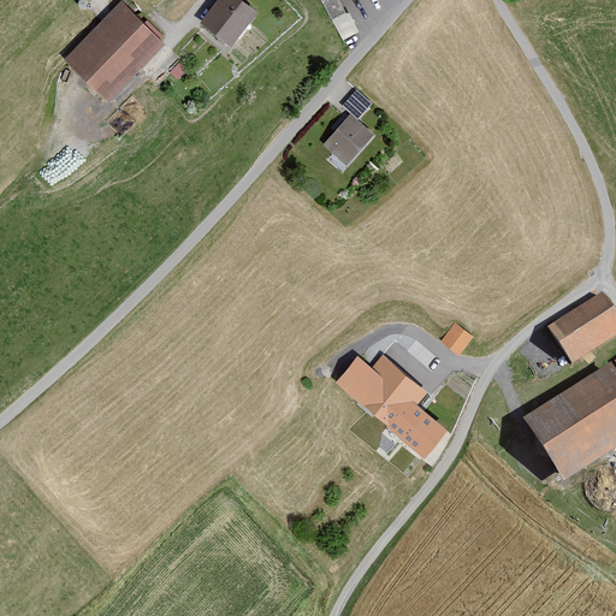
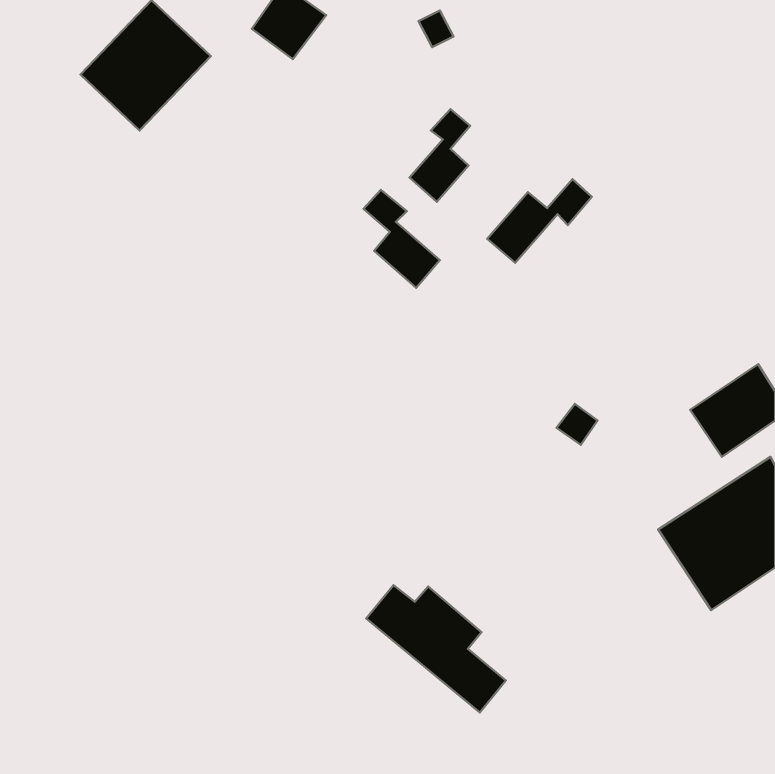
building: none -> [487,179,592,263]
building: none -> [364,190,440,288]
building: [334,354,445,455] -> [366,585,506,713]

